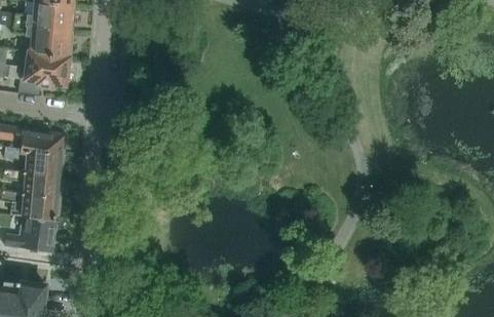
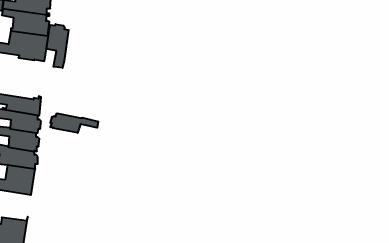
building: none -> [47,24,69,68]
building: none -> [50,113,98,133]

